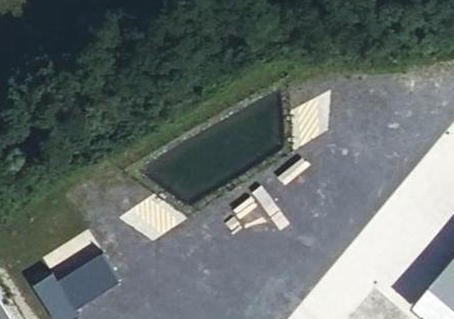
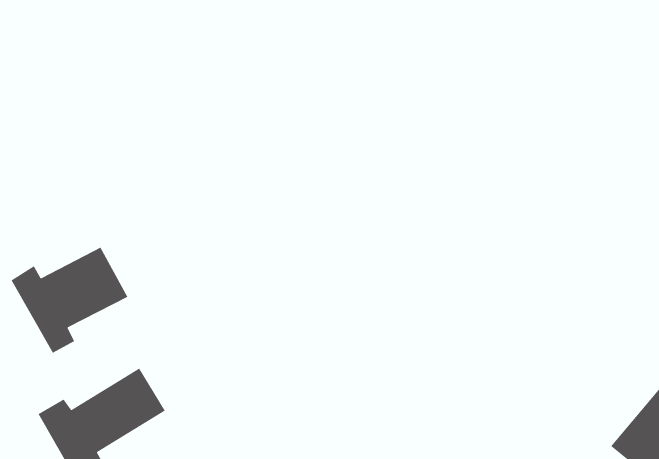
building: none -> [10,247,128,354]

